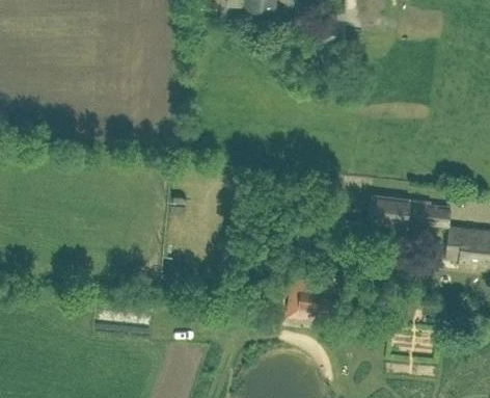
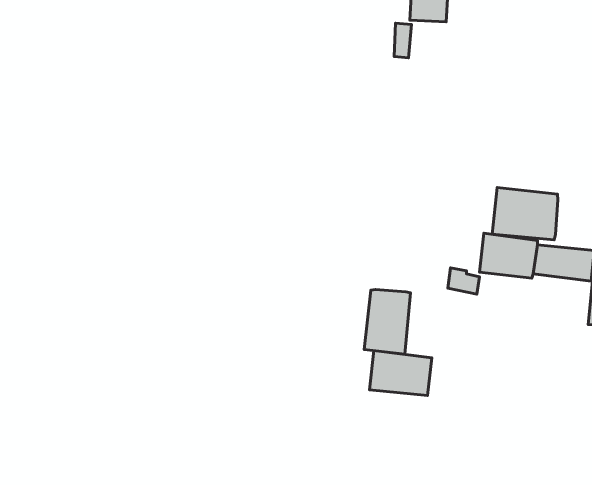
building: none -> [492,188,558,240]
building: none -> [364,290,410,354]

